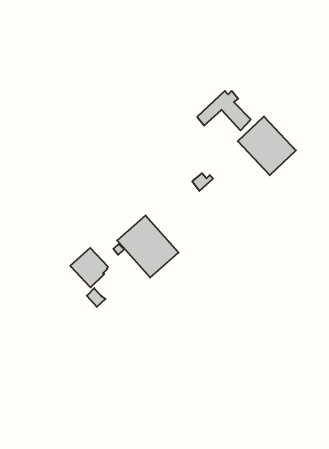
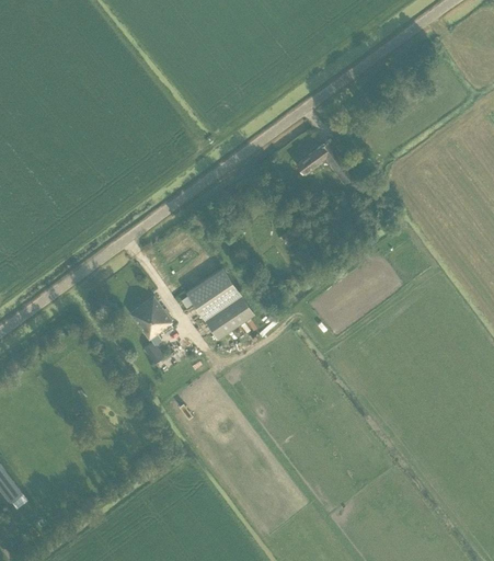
building: [238,116,296,175] -> none

